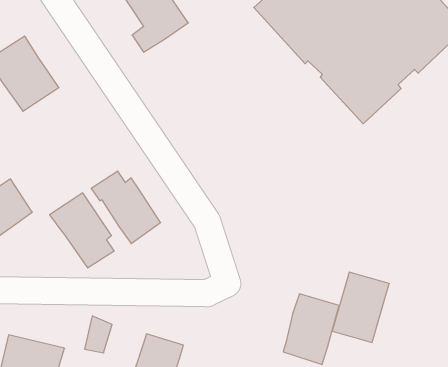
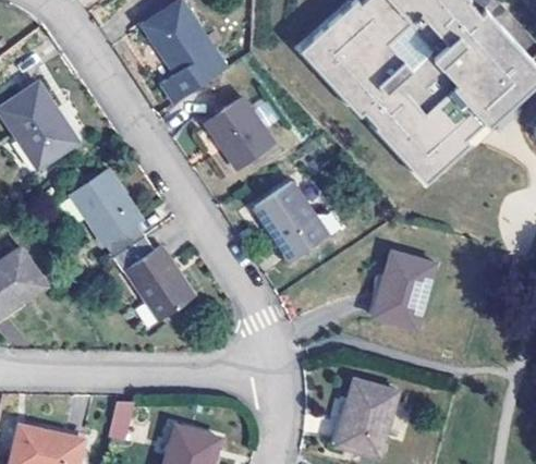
building: none -> [206,97,272,166]
building: none -> [255,181,327,260]
building: [50,193,114,268] -> [70,170,144,256]
building: [332,272,389,343] -> [370,248,436,329]

